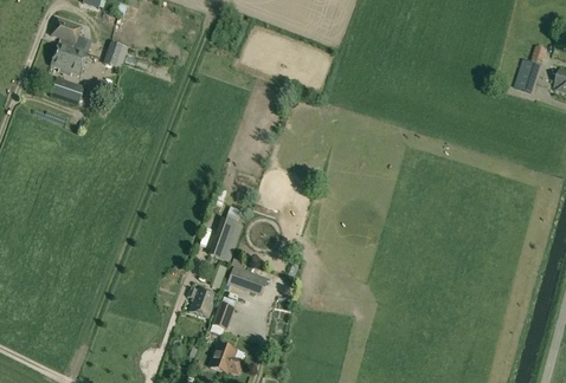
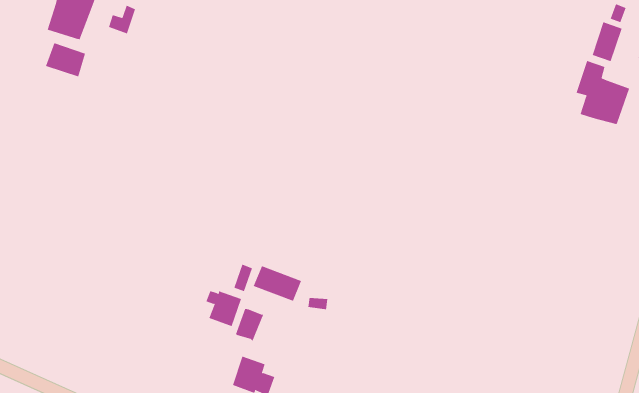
building: none -> [576,60,630,126]
building: [208,218,242,261] -> none

